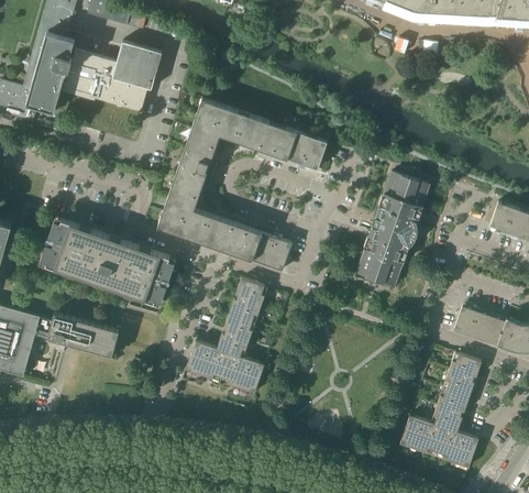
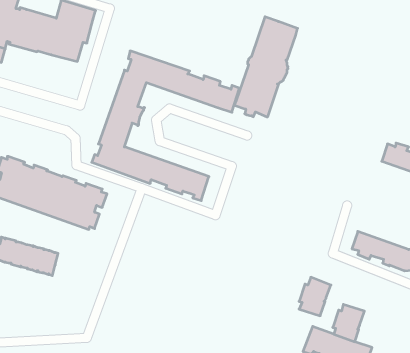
building: [356,172,429,286] -> [234,17,298,117]
building: [186,278,264,394] -> none
building: [445,353,482,397] -> [299,277,331,316]

